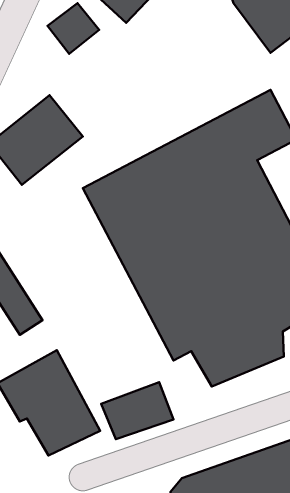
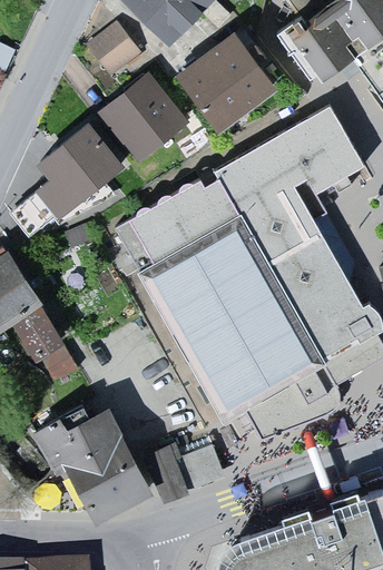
building: none -> [178,37,276,135]
building: none -> [98,77,186,164]

